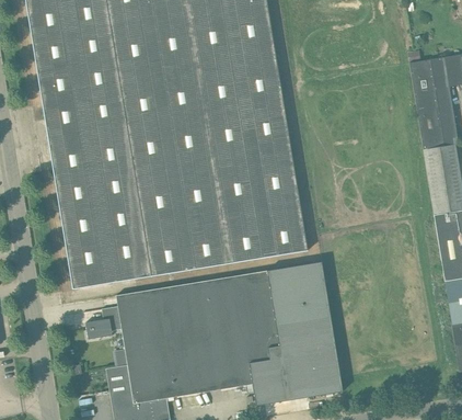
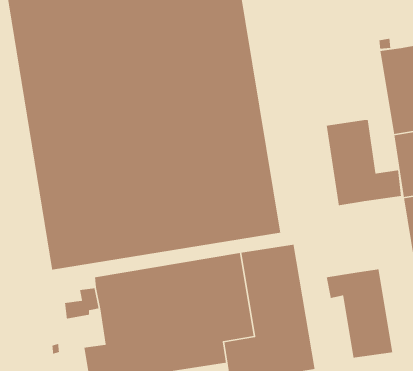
building: none -> [326,119,402,206]
building: none -> [326,268,393,358]

